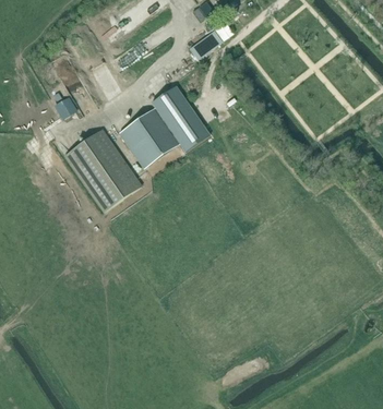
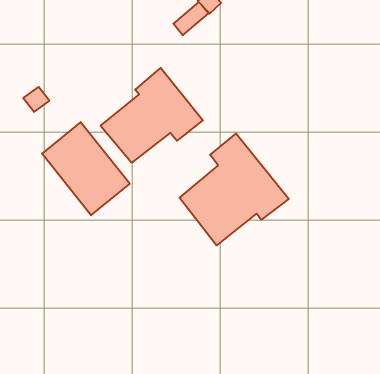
building: none -> [179,134,289,245]

